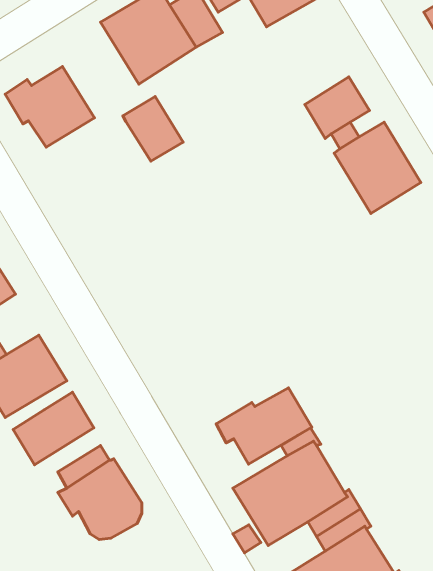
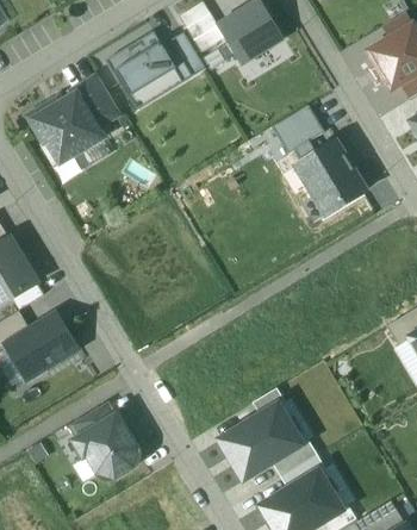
building: [123,97,183,161] -> [73,76,122,129]
building: [216,388,312,464] -> none
building: [13,392,94,465] -> none

